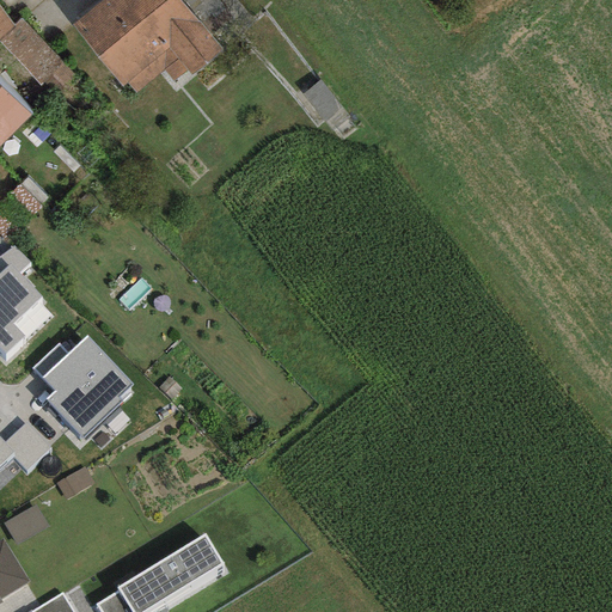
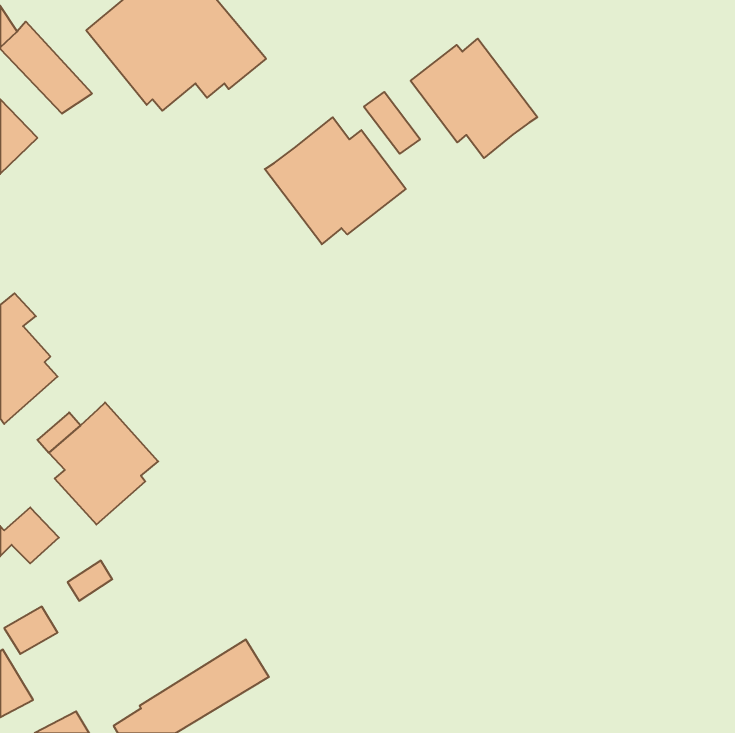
building: none -> [411,39,537,158]
building: none -> [265,117,406,244]

